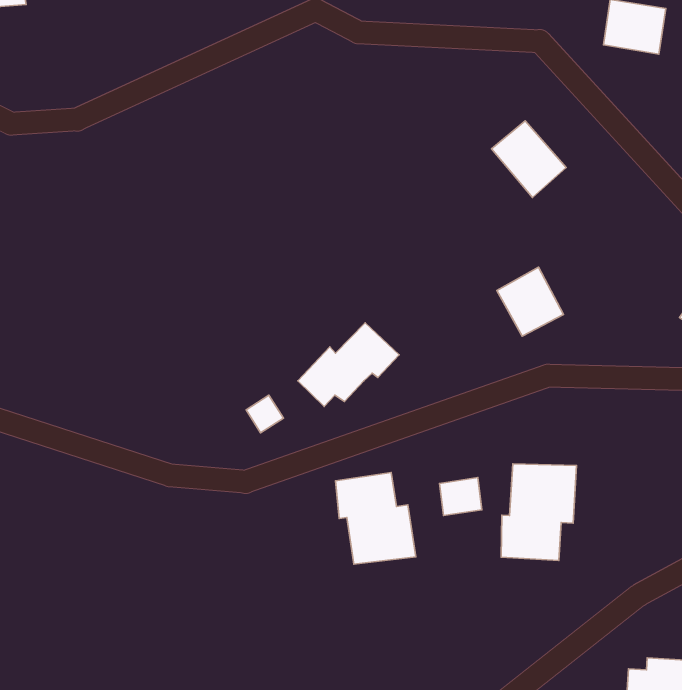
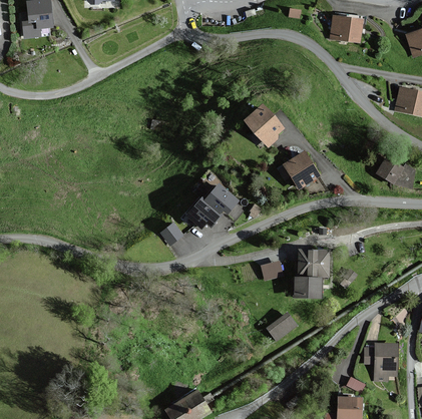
building: [491,121,566,197] -> [247,105,285,143]
building: [335,472,416,564] -> none
building: none -> [268,313,296,339]

